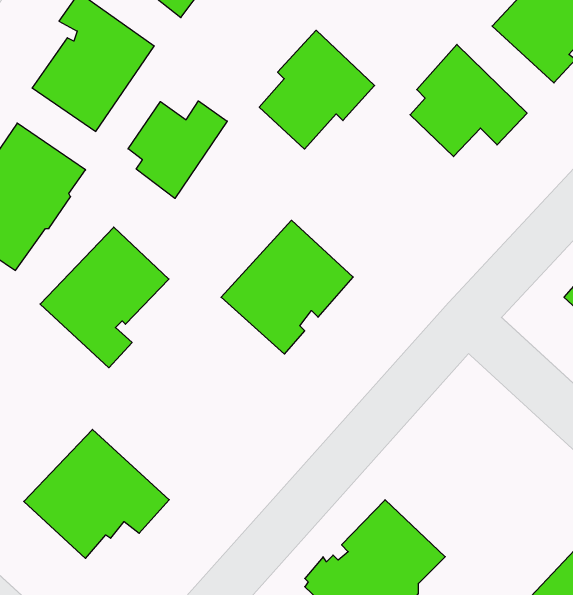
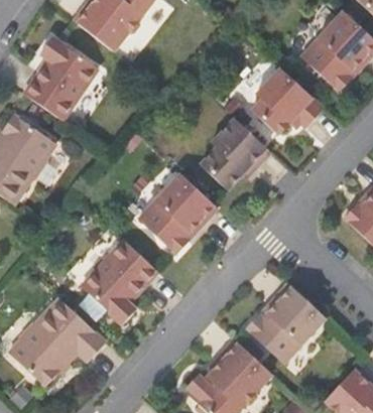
building: [259,30,375,149] -> [200,118,269,189]
building: [128,101,227,198] -> none
building: [40,227,169,368] -> [80,240,157,324]
building: none -> [246,283,326,364]

